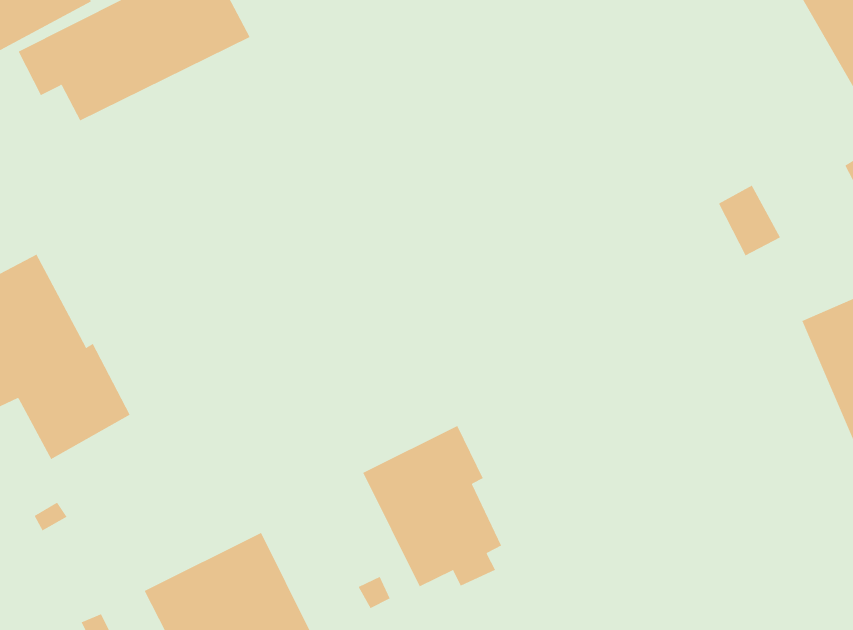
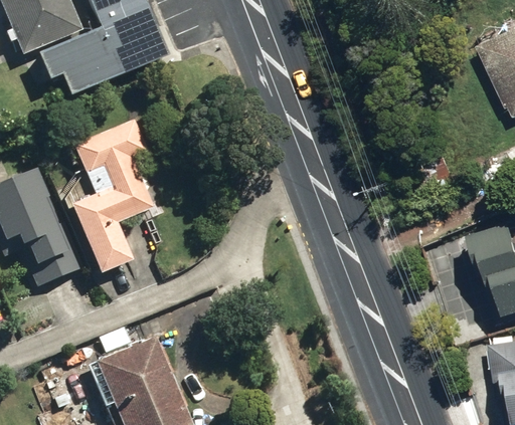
building: none -> [67,117,155,274]
building: [362,425,502,587] -> none

